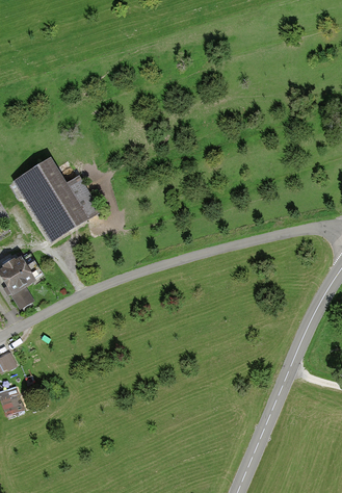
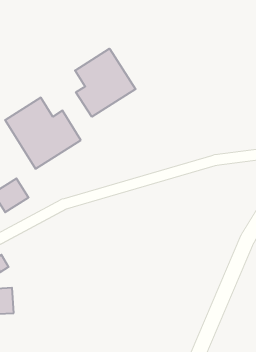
building: none -> [75,49,136,117]

